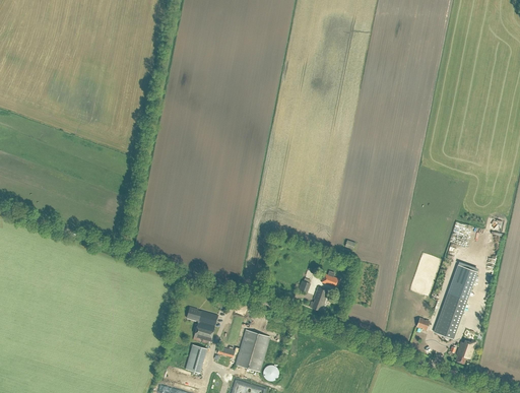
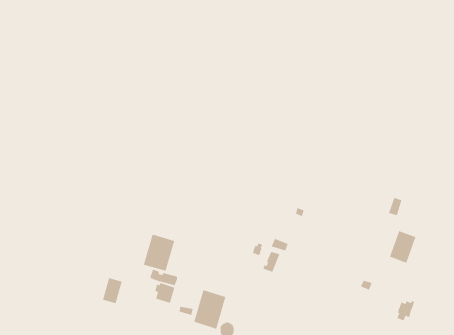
building: none -> [143,234,175,272]
building: [433,292,466,338] -> none
building: [184,343,206,372] -> [102,278,123,304]

